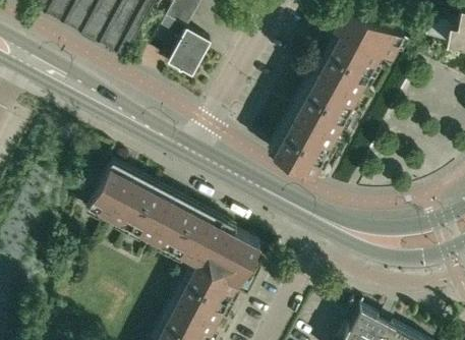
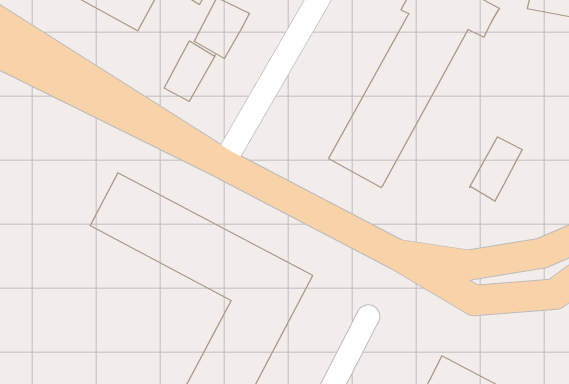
building: none -> [164,41,215,101]
building: none -> [470,137,522,201]

